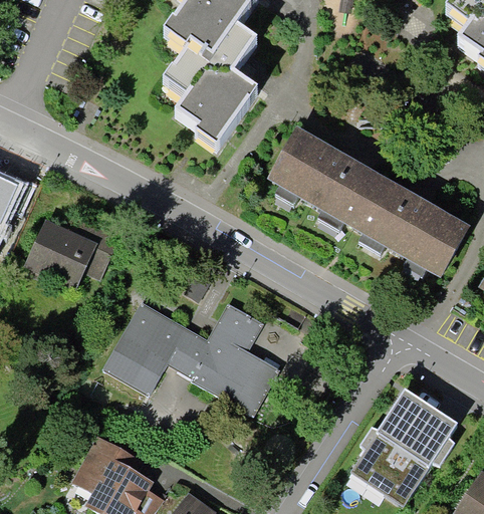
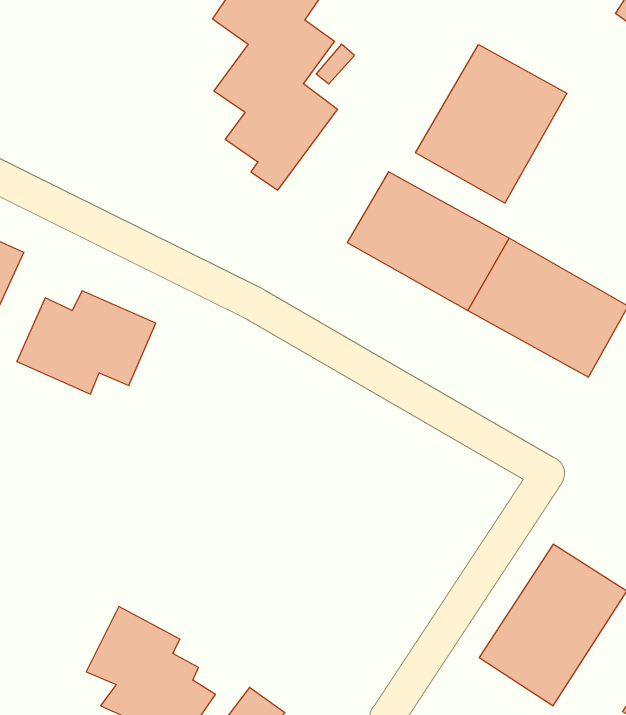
building: none -> [416,45,567,203]
building: [105,301,282,415] -> none

